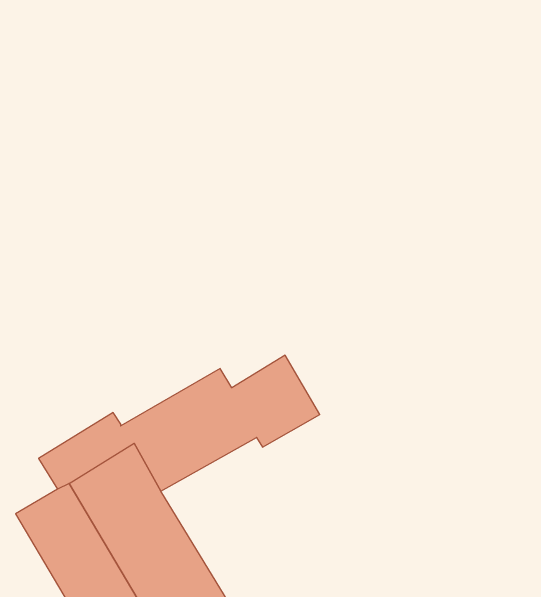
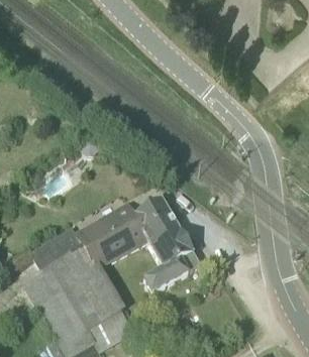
building: none -> [144,227,201,290]

